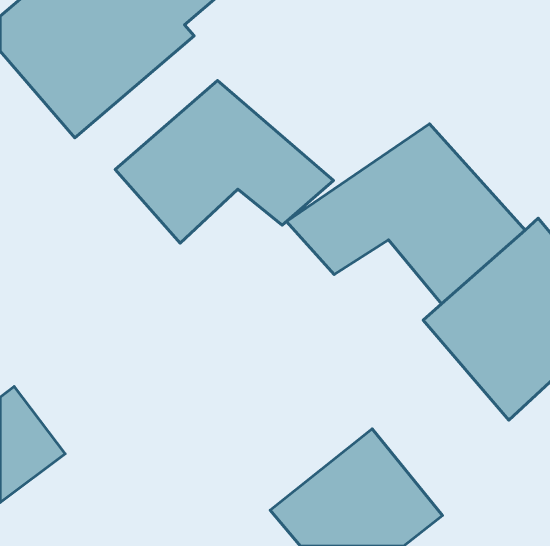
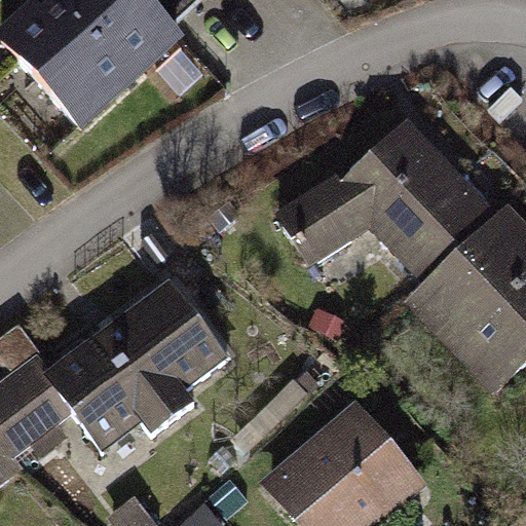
building: [115,80,333,243] -> none
building: none -> [44,281,225,450]

